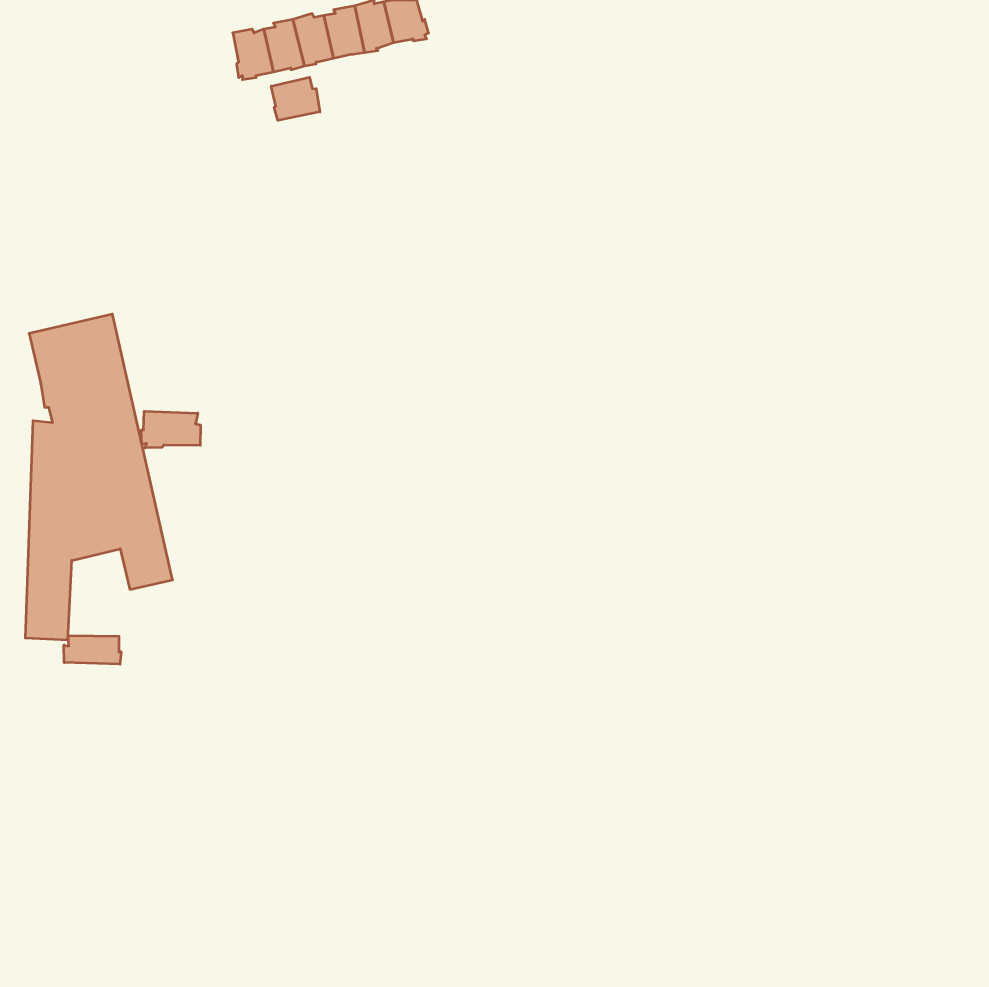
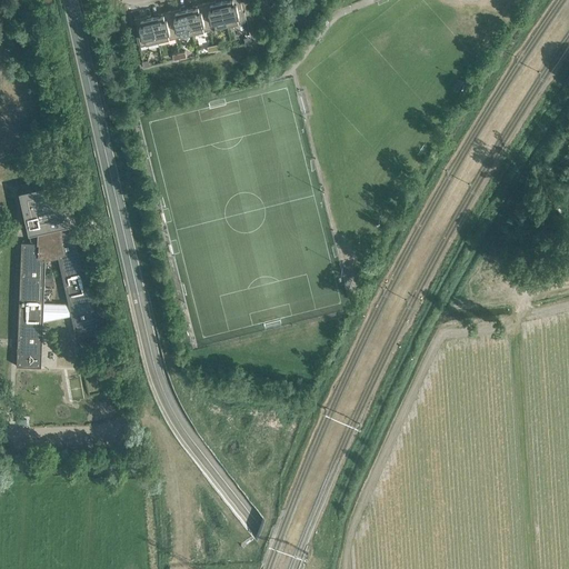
building: [271,77,320,120] -> none
building: [141,411,200,448] -> none
building: [64,636,121,664] -> none

